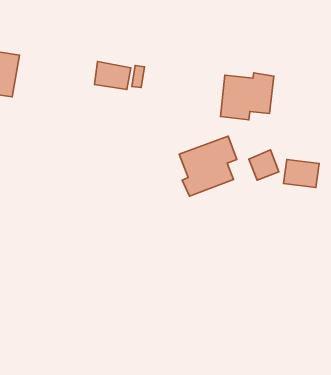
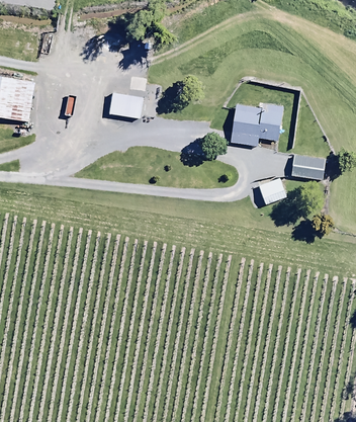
building: [179,136,237,196] -> none
building: [284,159,319,188] -> [290,153,325,180]

